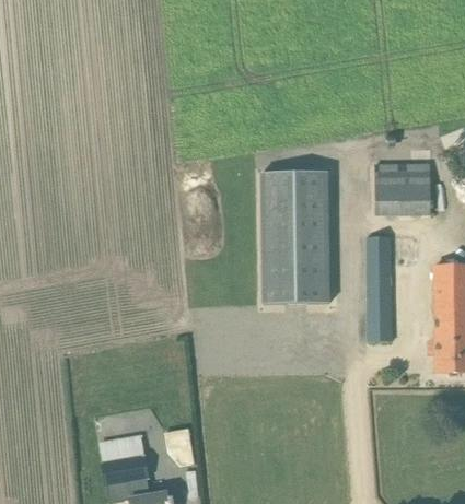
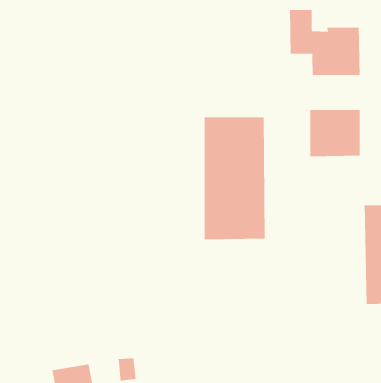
building: none -> [289,9,360,76]
building: [367,236,392,341] -> none

